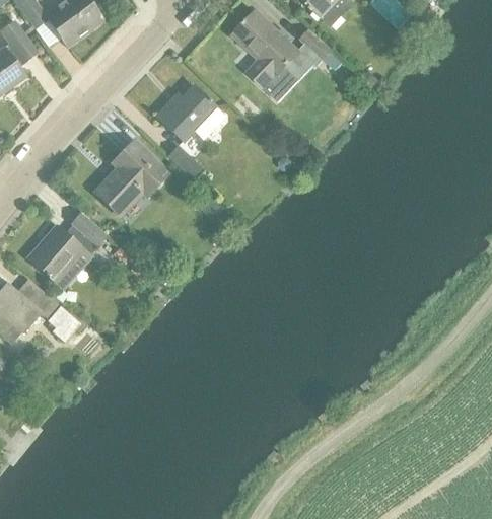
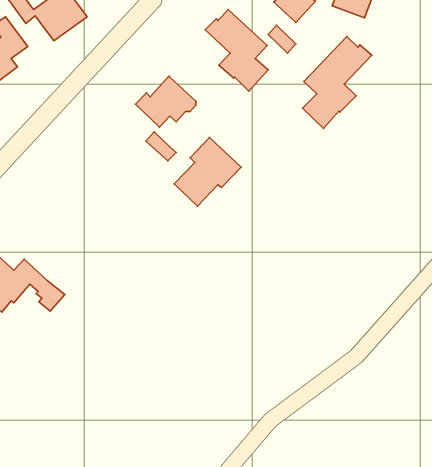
building: none -> [302,36,372,128]
building: [93,140,166,215] -> [174,137,241,206]
building: [28,211,108,287] -> none

